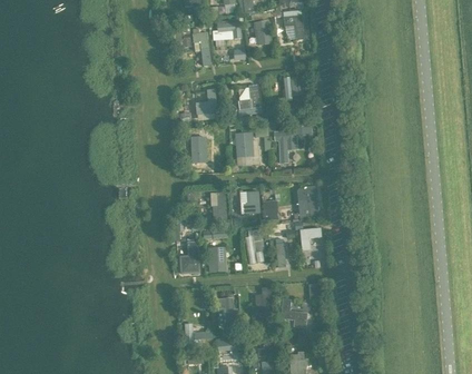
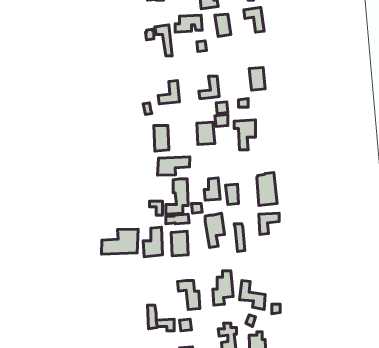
building: none -> [158,157,190,175]
building: none -> [101,229,138,254]

